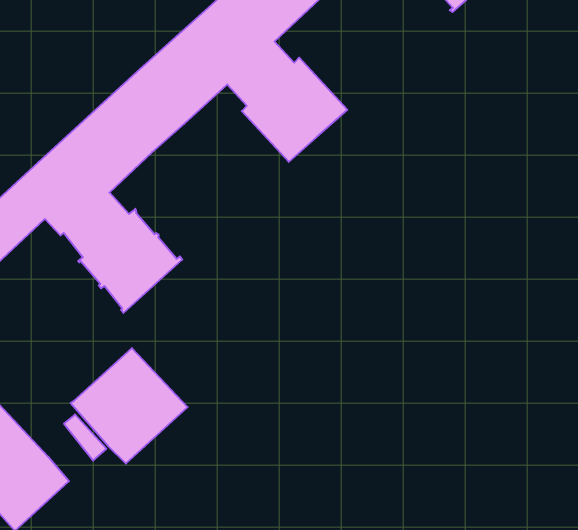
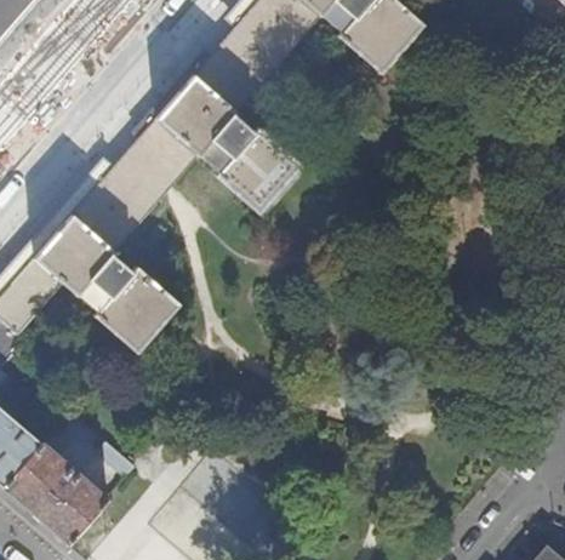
building: [71,348,188,464] -> none

